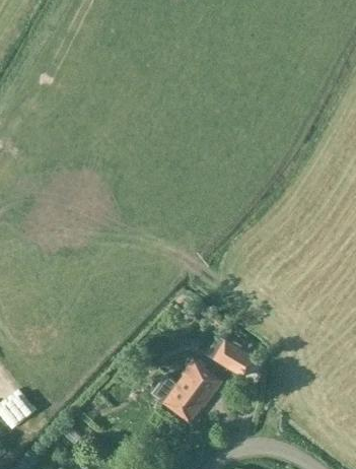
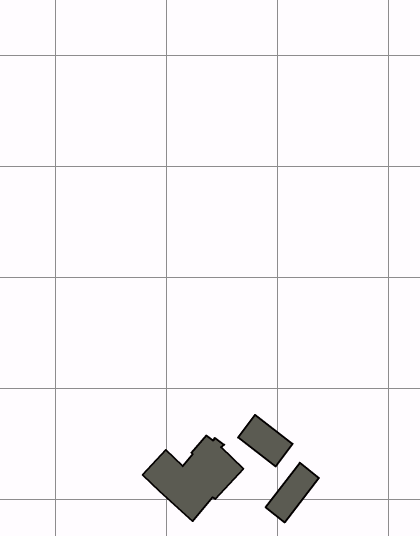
building: none -> [266,463,319,522]

